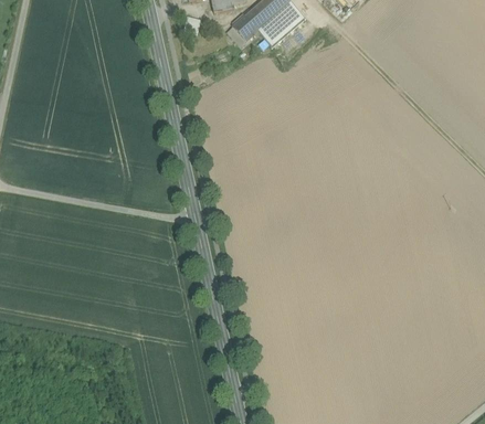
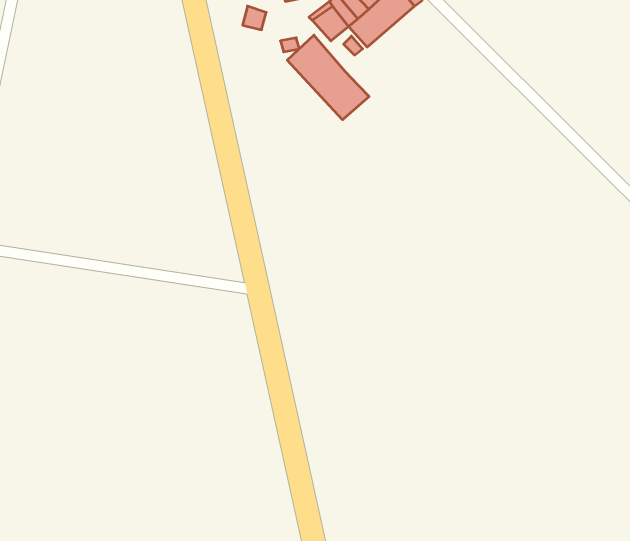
building: none -> [287,35,369,120]

